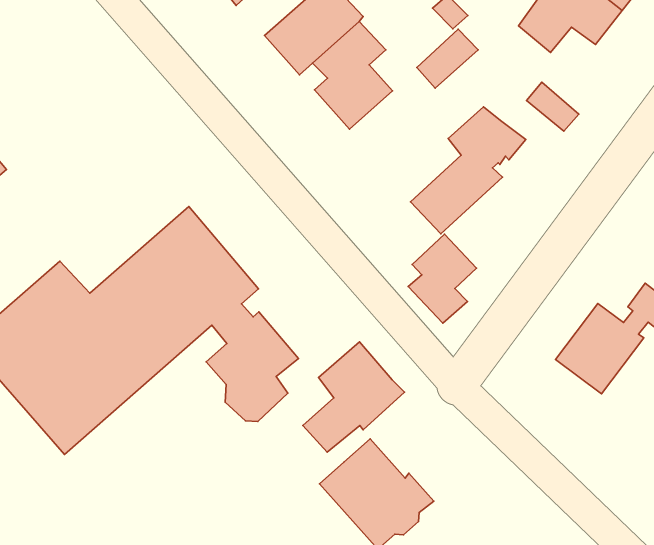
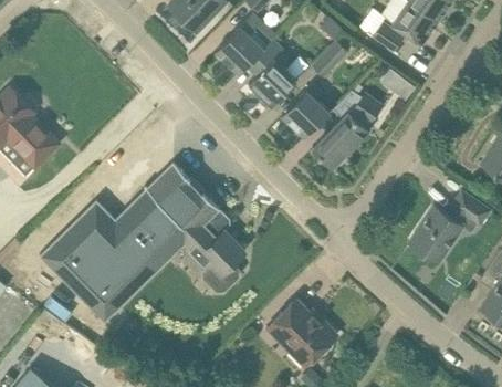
building: none -> [281,85,328,139]
building: [408,234,476,323] -> none
building: [303,342,404,452] -> none

